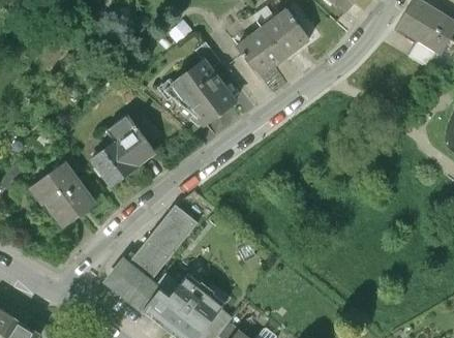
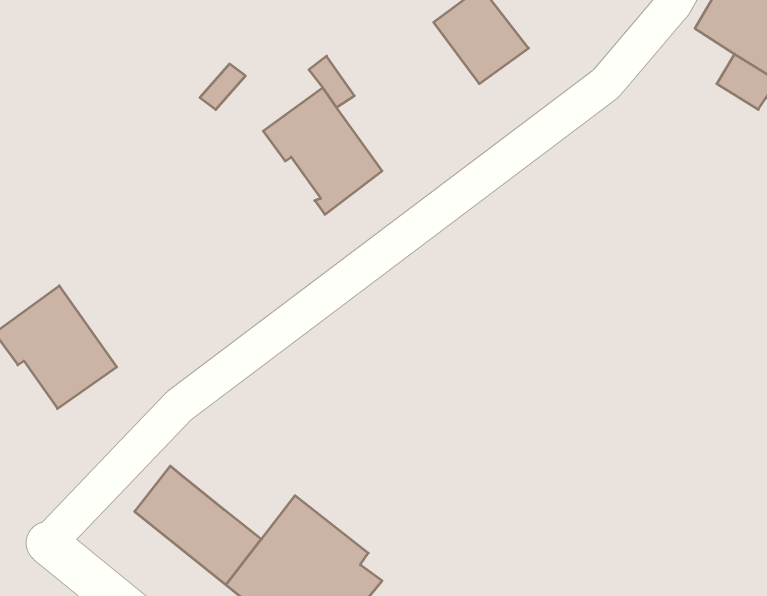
building: [235,25,283,75] -> none
building: [91,116,154,186] -> none
building: [128,205,196,279] -> none

